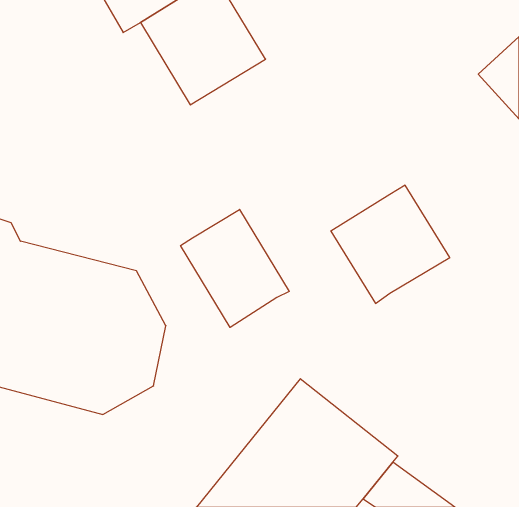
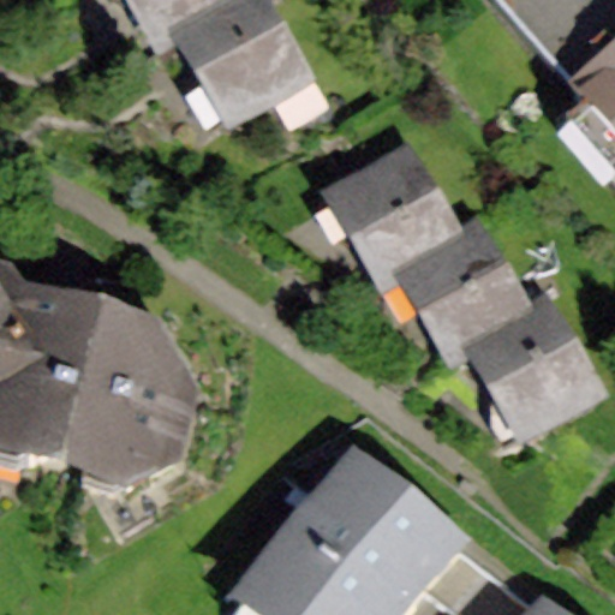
building: none -> [321,138,460,281]
building: [181,209,289,327] -> none
building: none -> [460,293,607,442]

